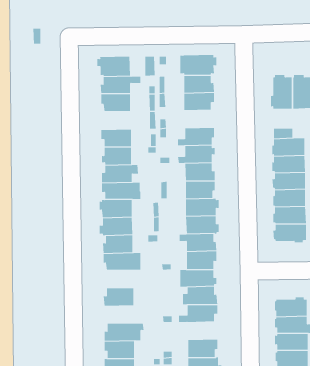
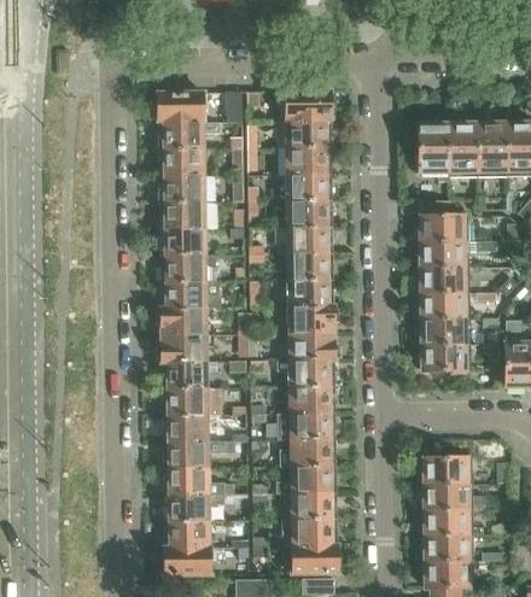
building: none -> [285,175,332,203]
building: none -> [159,177,206,205]
building: none -> [163,416,210,443]
building: none -> [164,469,224,496]
building: none -> [290,493,337,521]

